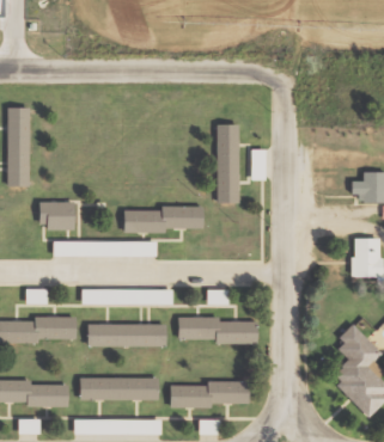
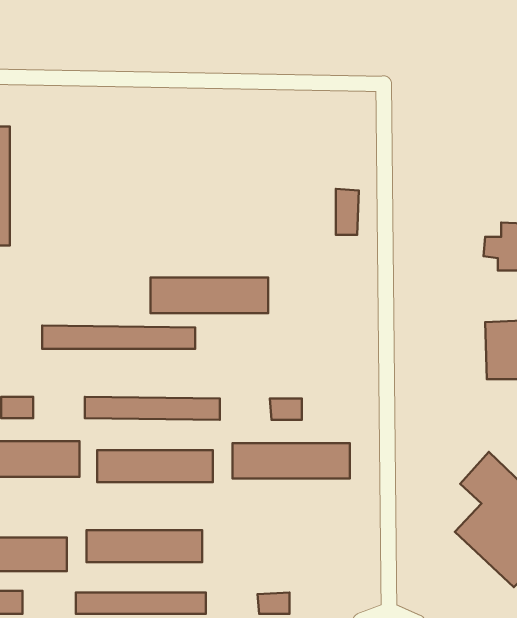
building: [217,124,239,203] -> none
building: [39,202,75,229] -> none
building: [171,382,249,406] -> none

